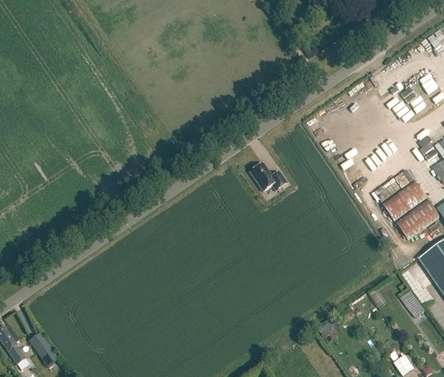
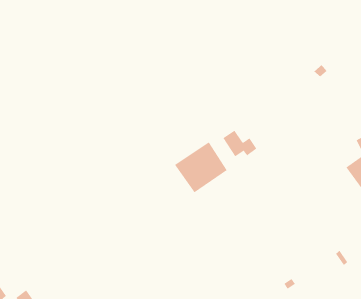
building: none -> [174,141,228,193]

